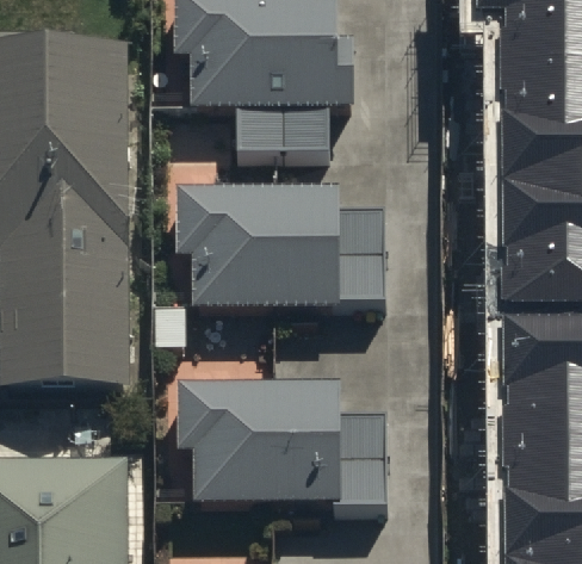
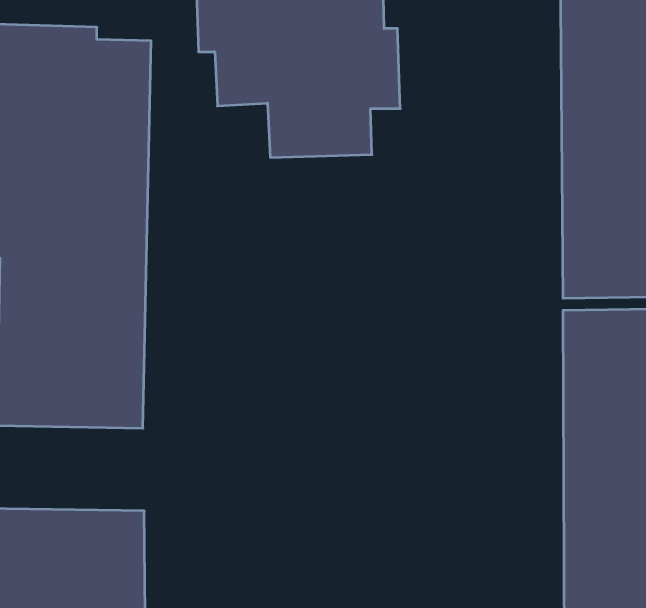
building: [177,196,384,310] -> none
building: [179,390,389,515] -> none

